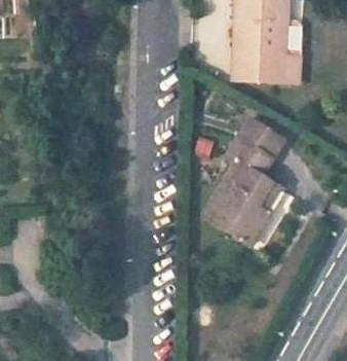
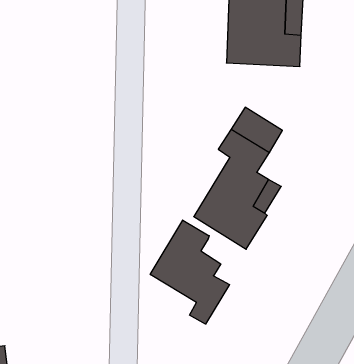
building: none -> [150,220,230,324]

